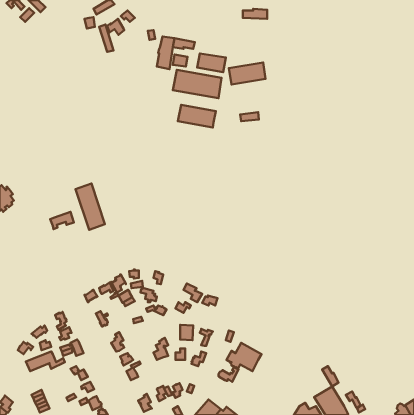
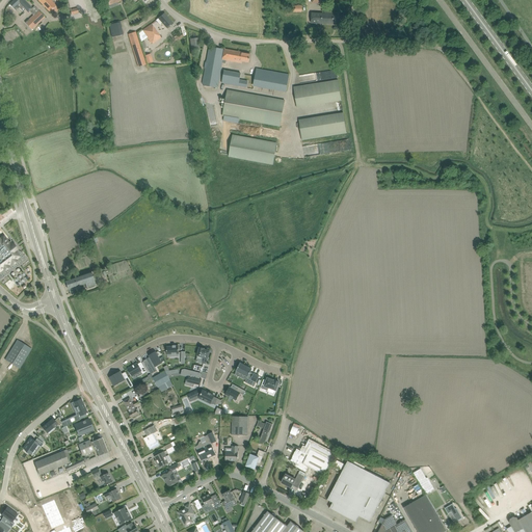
building: none -> [298,112,345,140]
building: [76,184,105,230] -> none
building: none -> [4,340,30,369]
building: none -> [326,459,390,523]

